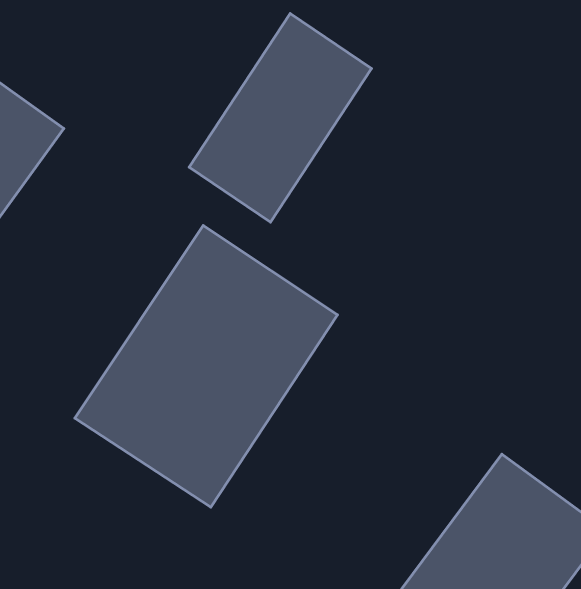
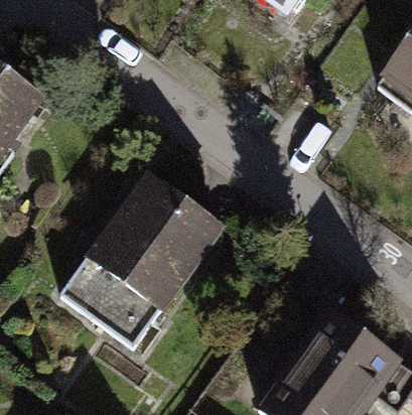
building: [189,14,372,222] -> none

